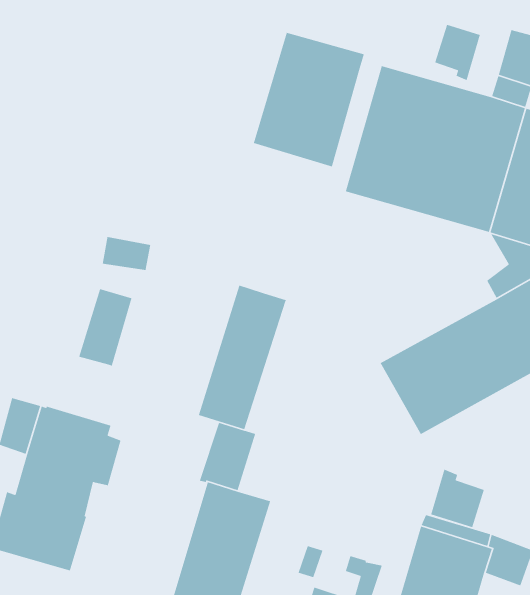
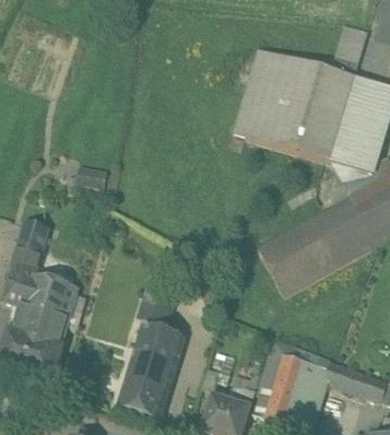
building: [434,24,481,81] -> none
building: [253,32,365,168] -> none
building: [198,285,287,430] -> none
building: [78,288,133,367] -> [11,222,47,274]
building: [430,468,485,528] -> none

